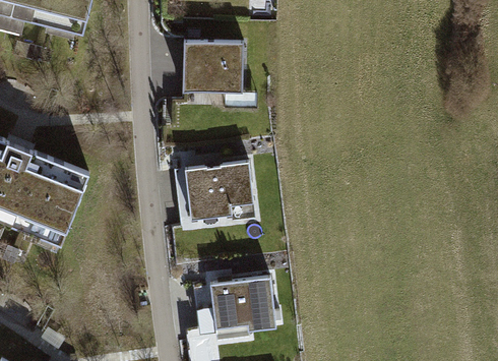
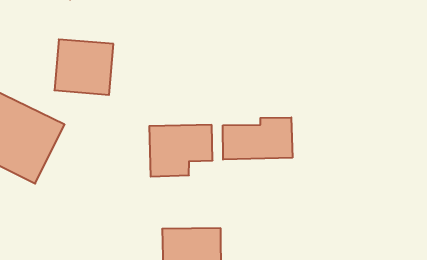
building: [183,41,243,97] -> [54,39,113,95]
building: none -> [223,117,292,160]

